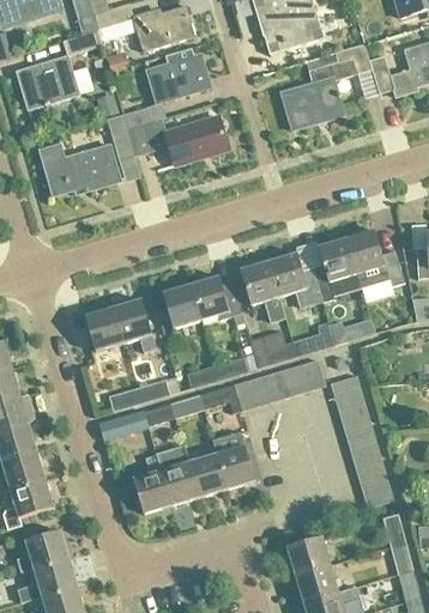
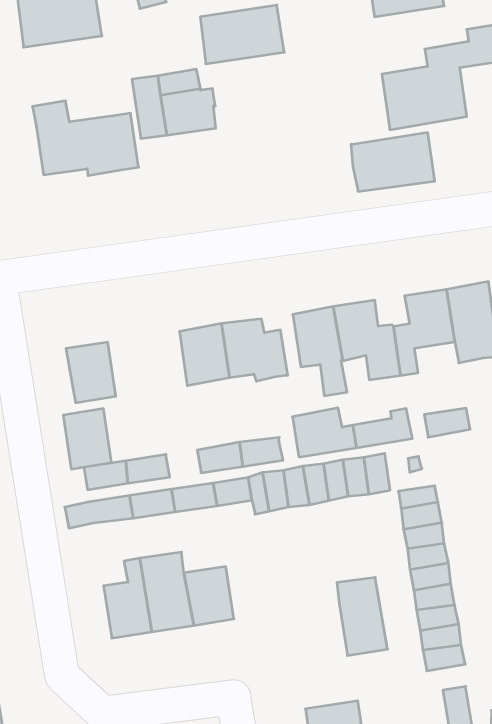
building: [165,115,228,163] -> [351,133,435,191]
building: [114,298,152,344] -> [63,409,111,469]
building: [214,431,256,488] -> [337,577,388,656]

